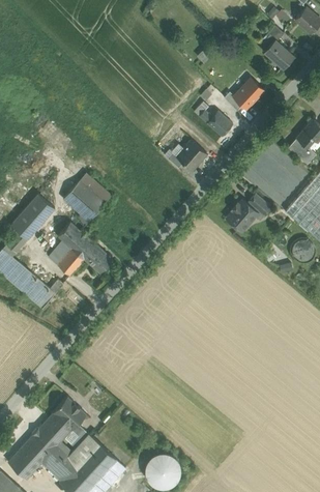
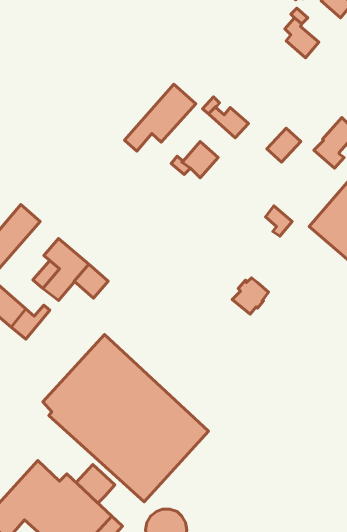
building: [235,79,264,108] -> [267,128,301,162]
building: none -> [124,84,196,151]
building: [64,180,107,222] -> none
building: [227,200,258,231] -> [232,278,268,314]
building: none -> [43,335,208,502]
building: [54,397,87,430] -> [76,464,115,503]

